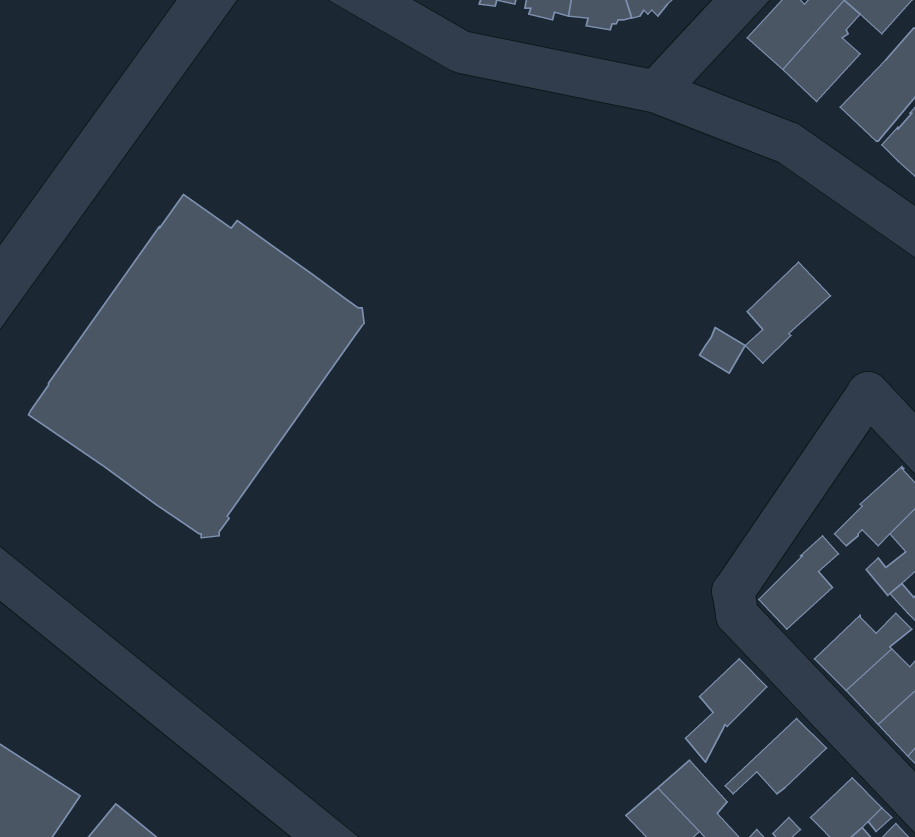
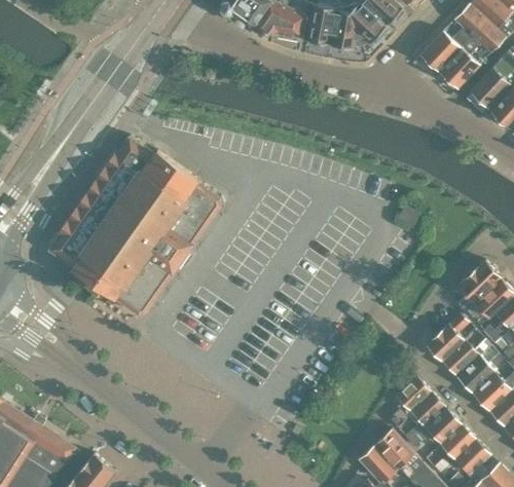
building: [745,262,830,363] -> [456,260,501,312]
building: none -> [441,339,490,377]
building: none -> [404,391,446,443]
building: none -> [440,423,475,459]

